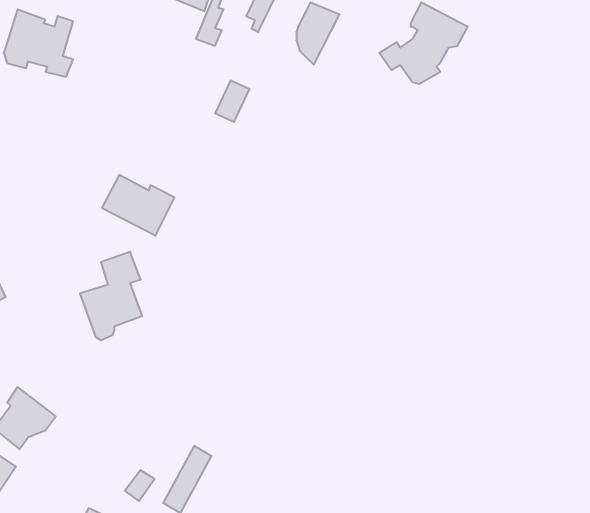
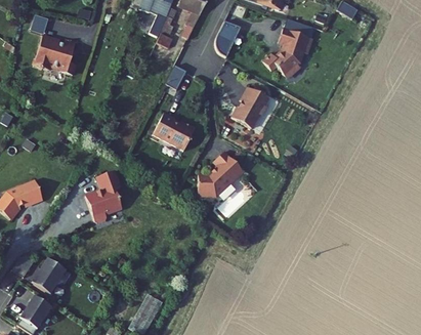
building: none -> [234,85,270,127]
building: [102,175,175,236] -> [157,115,200,151]
building: none -> [202,152,247,194]

